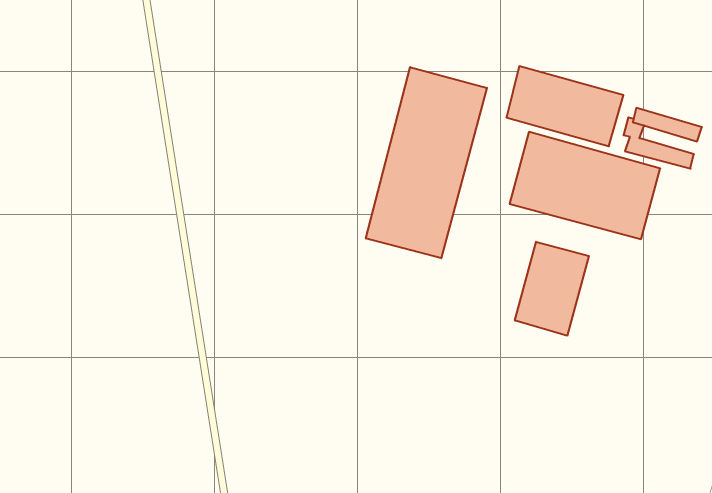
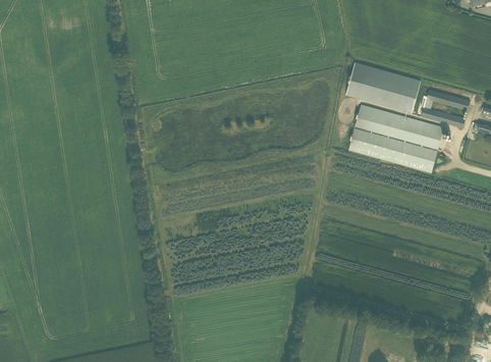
building: [366,67,487,258] -> none
building: [515,242,589,336] -> none

